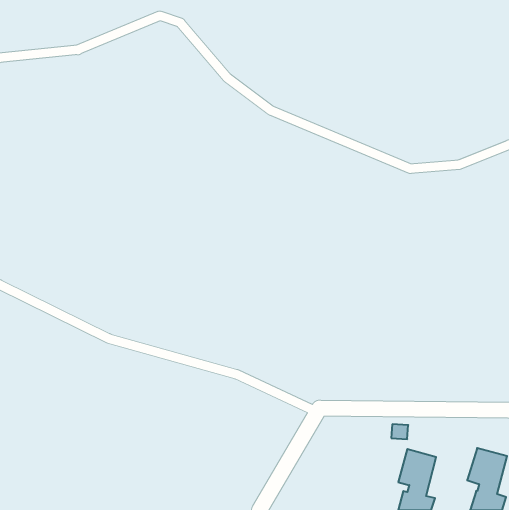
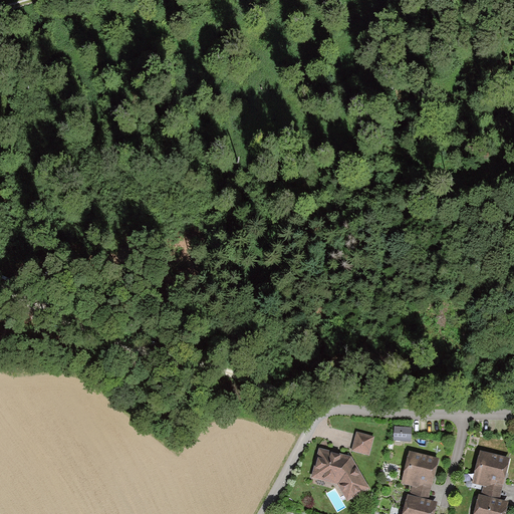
building: none -> [350,432,373,456]
building: none -> [310,447,369,502]

